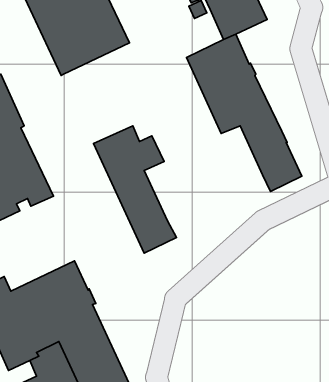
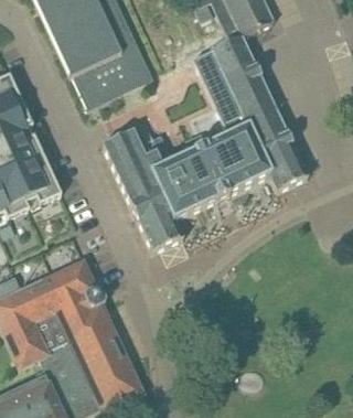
building: none -> [72,44,153,108]
building: none -> [151,126,268,219]

